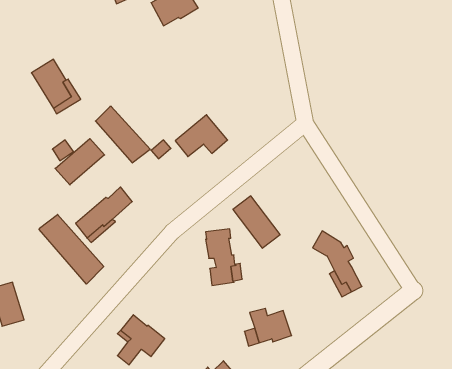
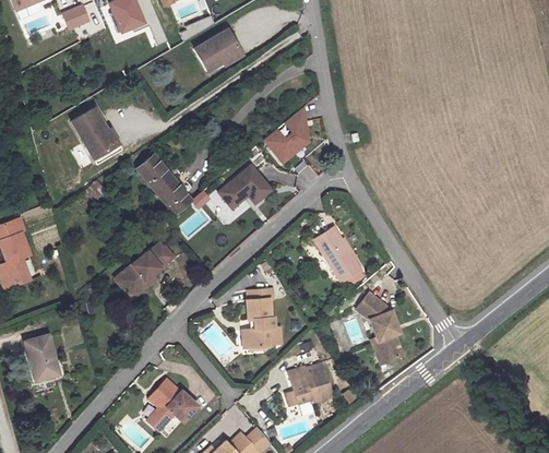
building: none -> [264,108,310,166]
building: [55,139,105,185] -> none
building: [233,196,280,248] -> [315,227,365,282]
building: [39,214,104,284] -> none

